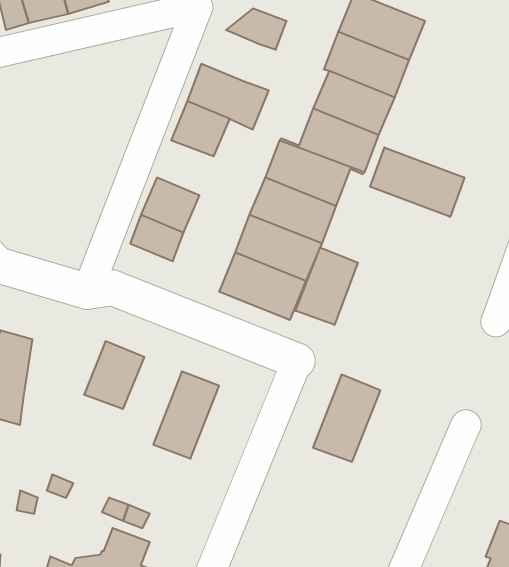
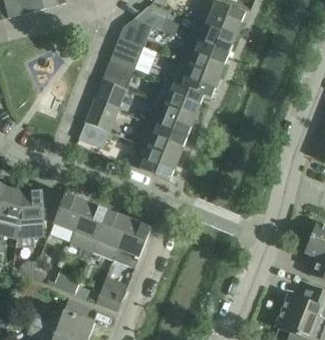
building: none -> [118,18,151,47]
building: none -> [93,80,125,111]
building: [370,147,464,217] -> none
building: [296,248,358,325] -> none
building: none -> [16,192,64,241]
building: none -> [69,203,107,252]
building: [313,375,380,462] -> [112,219,150,268]
building: none -> [95,281,126,312]

